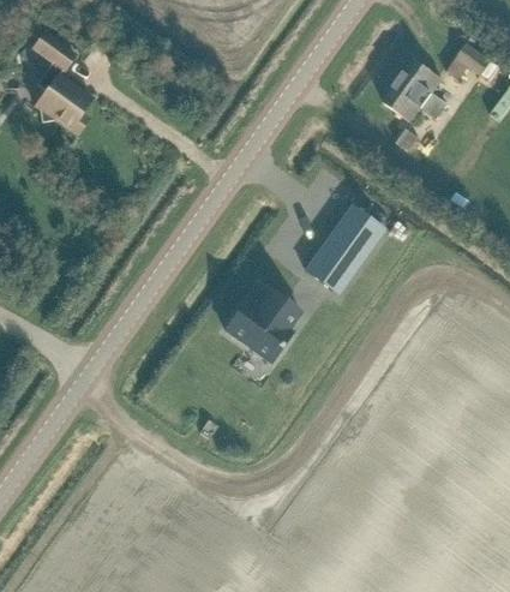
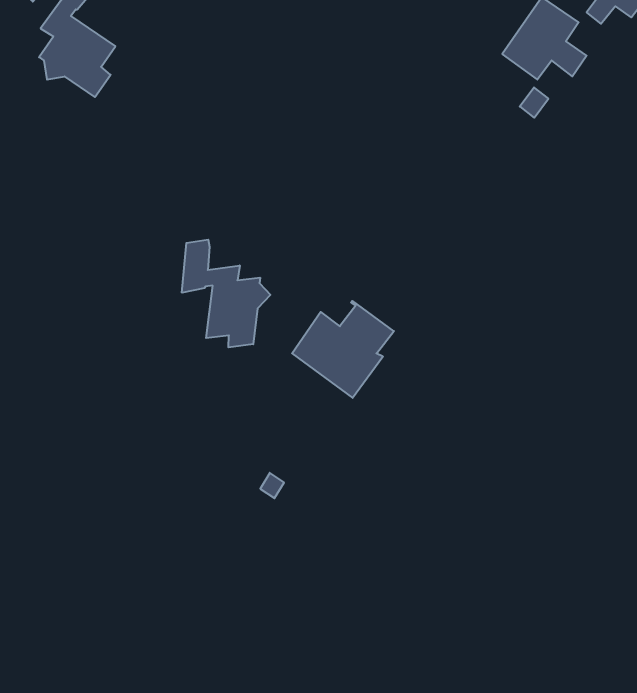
building: [305,204,385,293] -> none
building: none -> [182,240,270,347]

